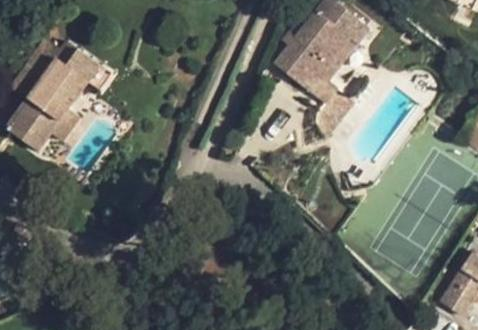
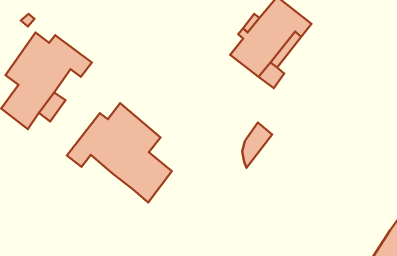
building: [320,87,355,140] -> [242,122,272,168]
building: none -> [67,103,172,203]

